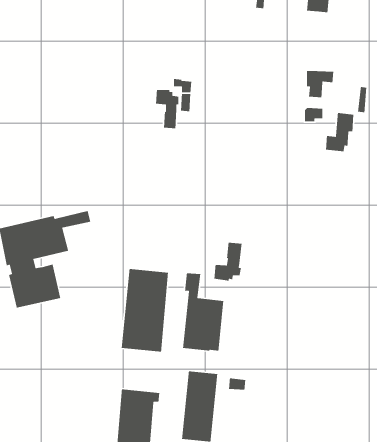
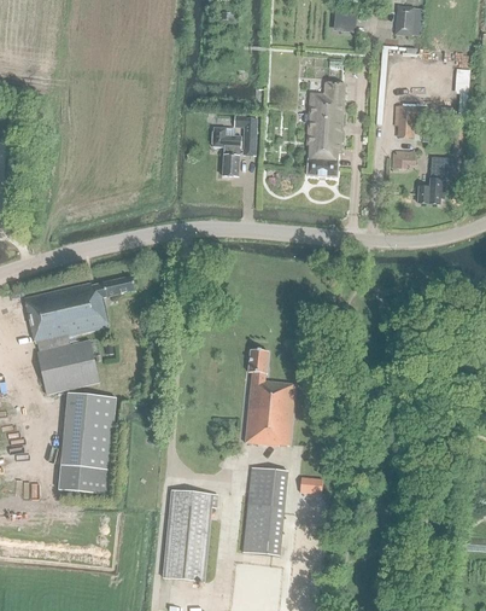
building: none -> [301,82,342,178]
building: [213,242,243,282] -> none
building: [121,268,169,352] -> [57,392,115,494]

